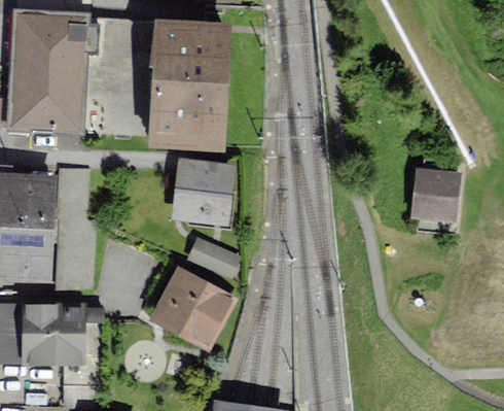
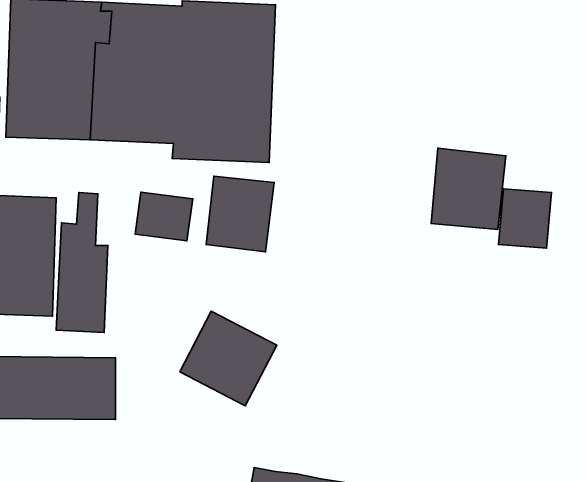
building: none -> [431,148,506,230]
building: none -> [135,192,193,241]
building: [188,240,239,277] -> none

